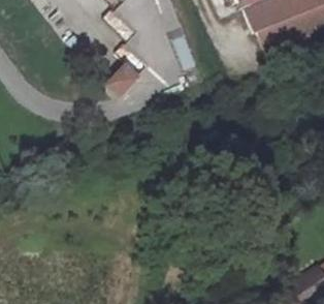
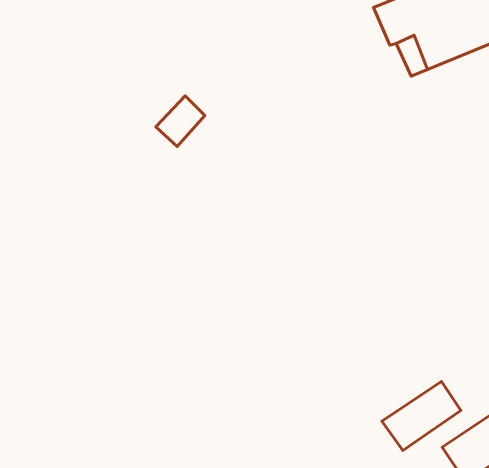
building: none -> [382,381,461,450]

